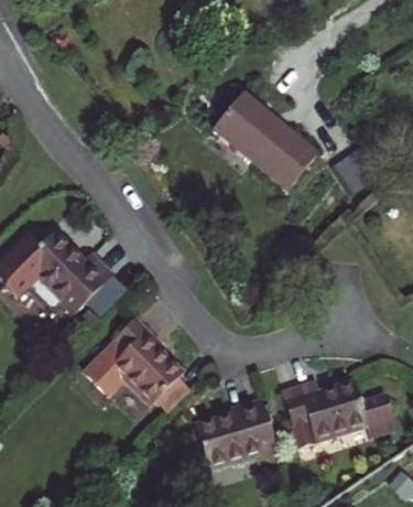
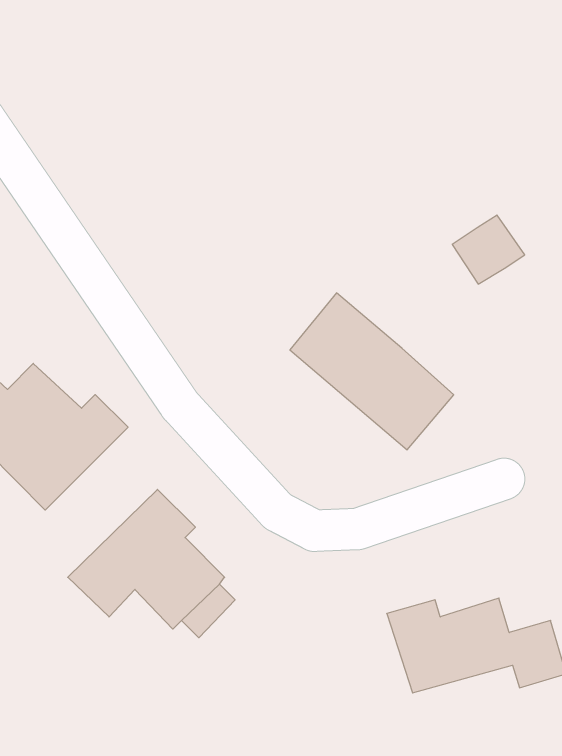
building: [208,76,313,176] -> [290,293,454,450]
building: [192,402,274,474] -> none

